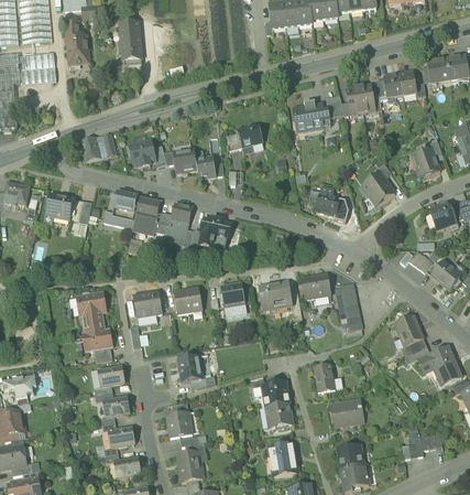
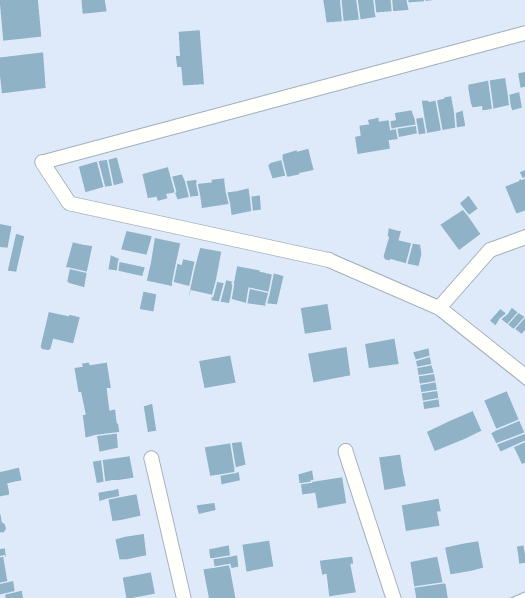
building: [65,20,88,63] -> none
building: [118,21,141,65] -> [175,30,205,86]
building: [43,194,75,225] -> [40,311,81,351]
building: [219,282,244,306] -> [300,303,332,334]
building: [133,290,162,316] -> none
building: none -> [426,408,483,452]
building: [265,402,292,426] -> none
building: [166,411,192,437] -> [242,540,274,572]
building: none -> [444,540,484,575]

